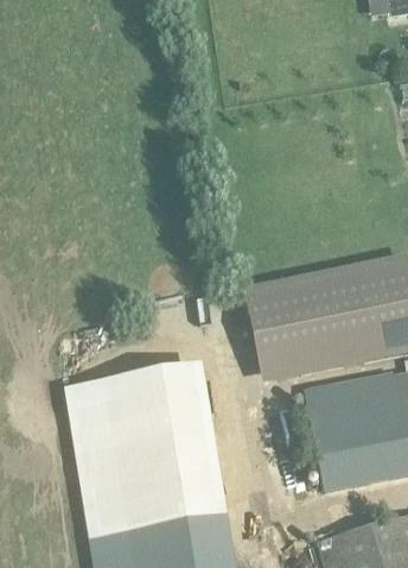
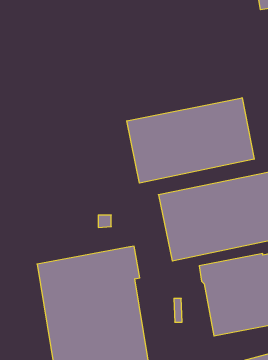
building: none -> [127,98,254,183]

